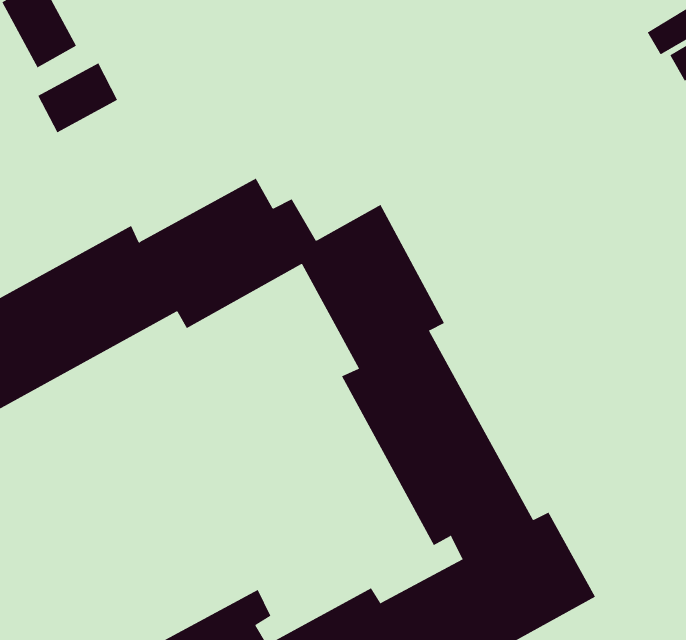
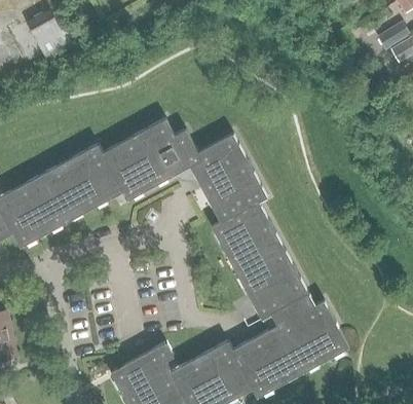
building: [38,62,118,133] -> none

